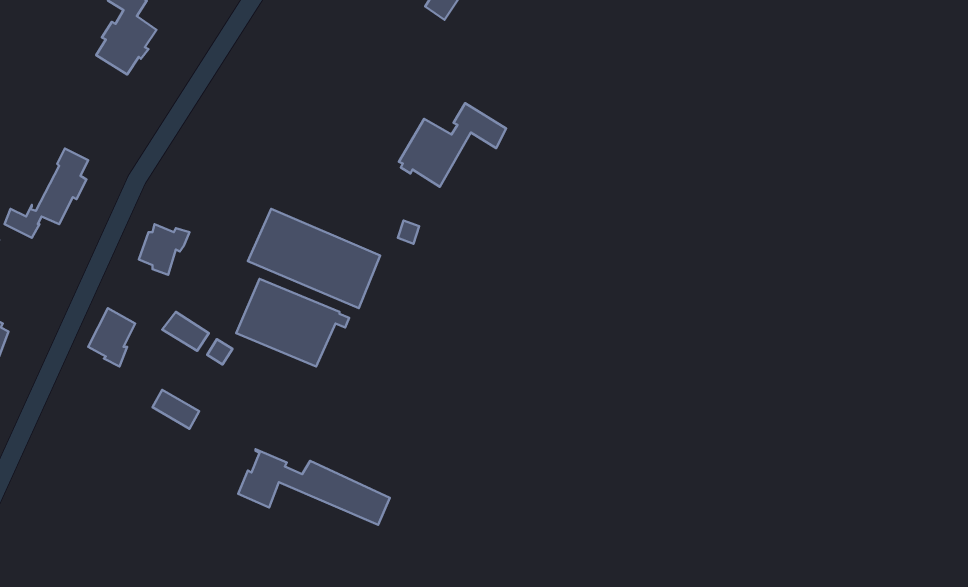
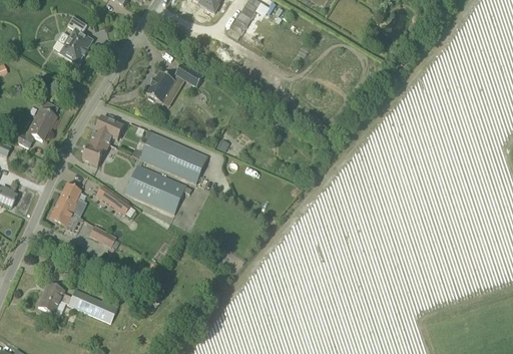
building: [399,103,506,187] -> [147,64,202,107]
building: none -> [91,116,124,144]
building: none -> [49,204,80,230]
building: [238,449,390,525] -> [38,284,116,323]

